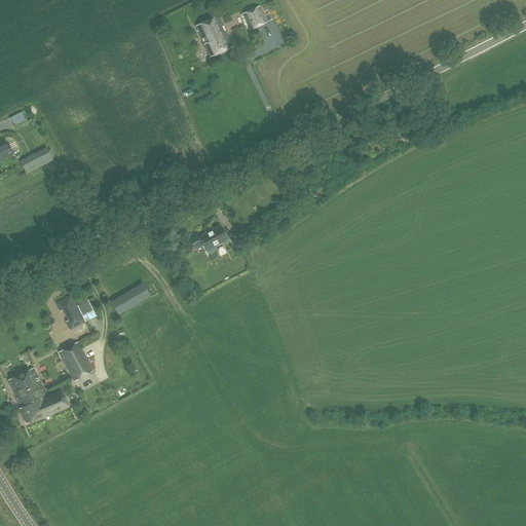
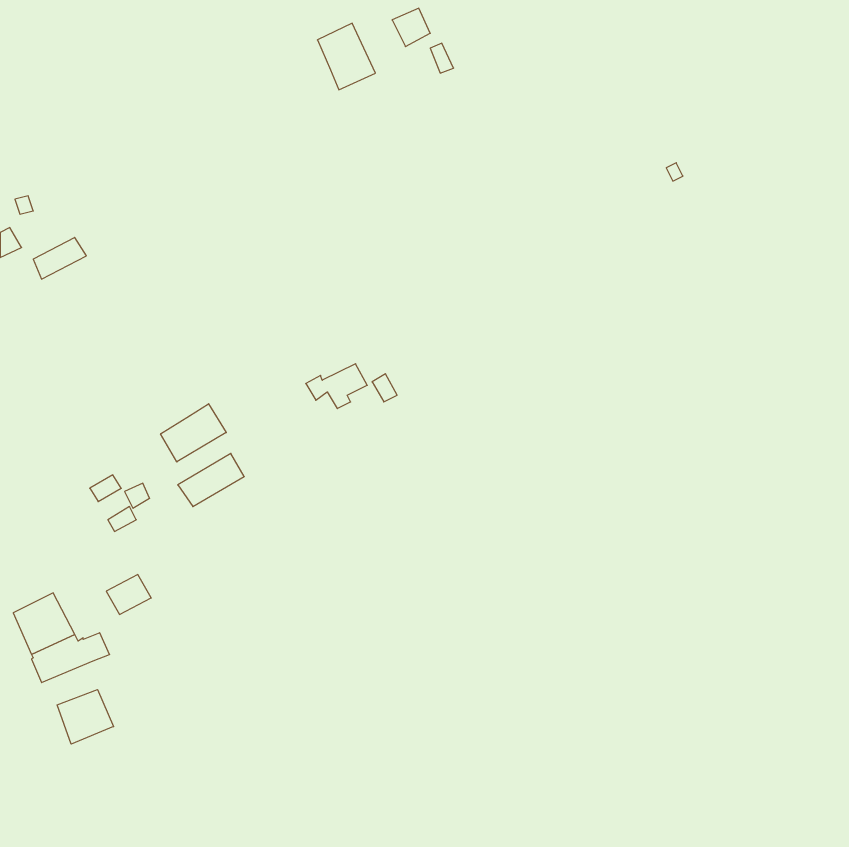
building: none -> [161,404,226,462]
building: [58,340,85,366] -> none
building: none -> [57,690,114,744]

